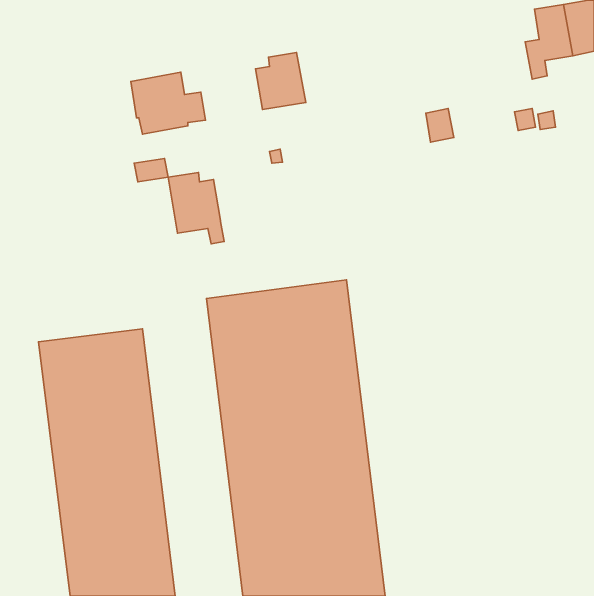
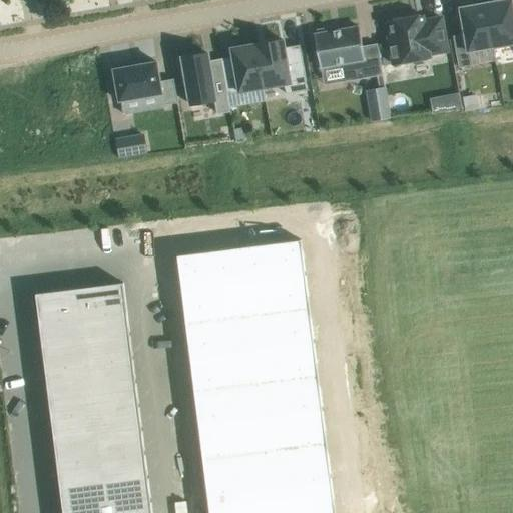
building: none -> [387,15,446,65]
building: none -> [313,27,381,81]
building: none -> [254,40,306,94]
building: [168,173,224,244] -> [180,53,228,114]

